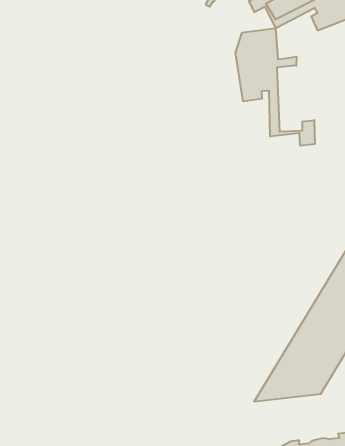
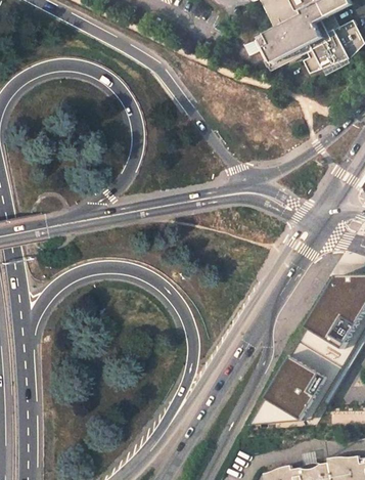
building: [236,28,315,146] -> none

